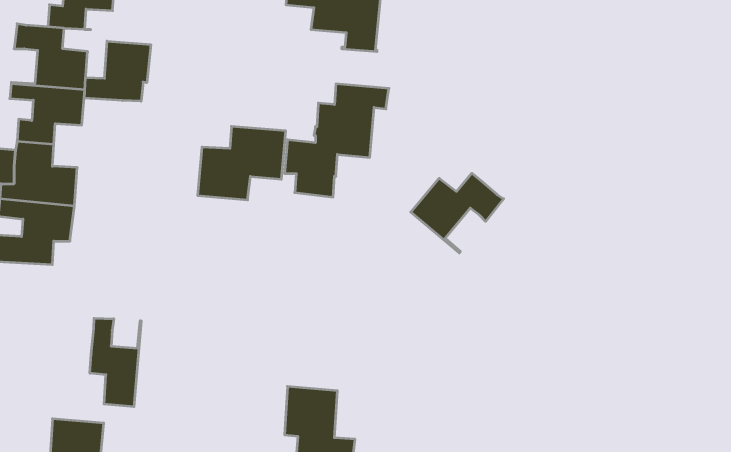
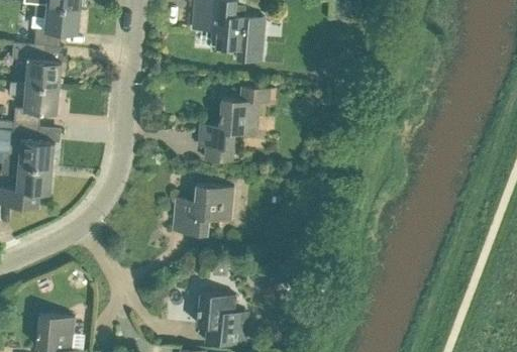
building: [85,41,151,101] -> none
building: [198,126,286,200] -> [173,185,233,235]
building: [411,173,504,253] -> none
building: [90,318,141,407] -> none

